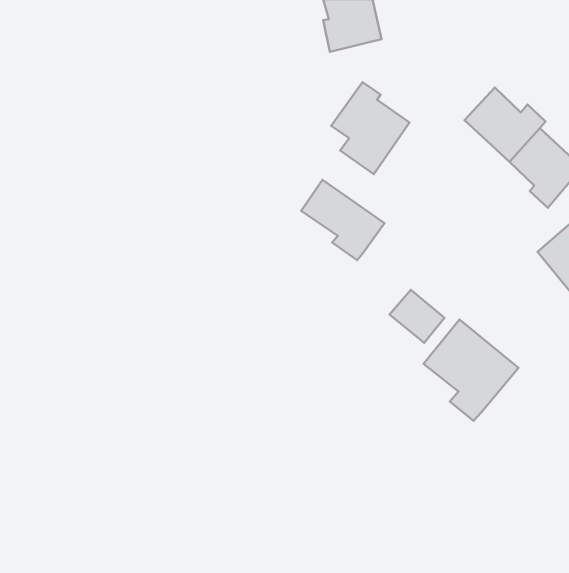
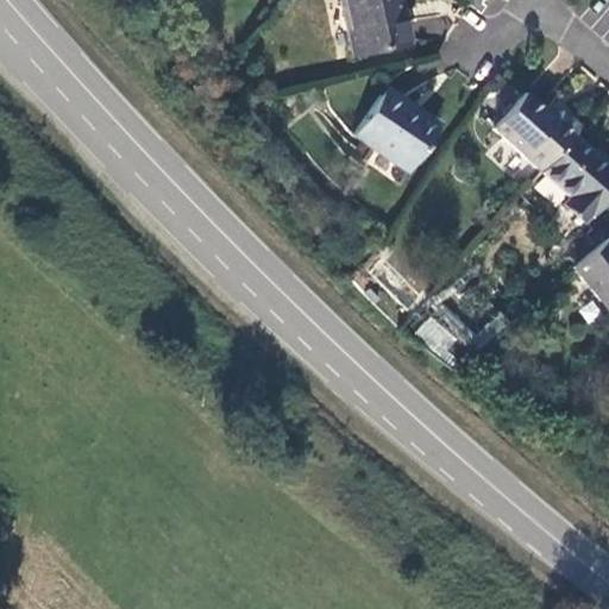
building: [301,180,385,260] -> none
building: [424,320,519,421] -> none

